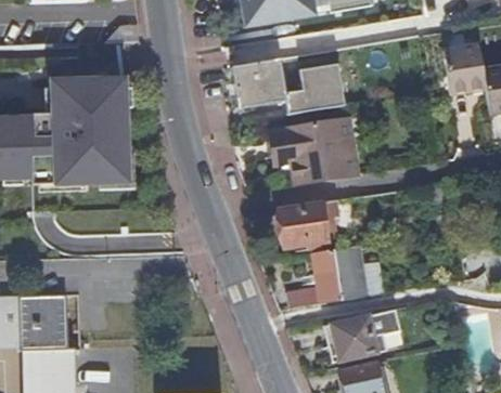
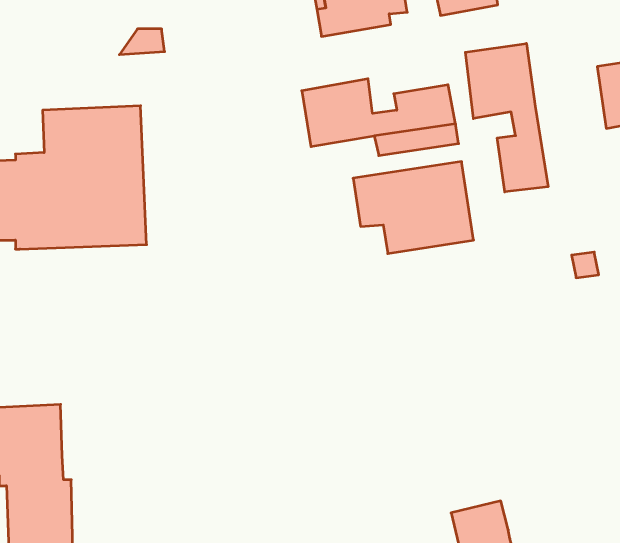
building: none -> [465,43,548,192]
building: [279,200,338,247] -> none
building: [287,245,370,307] -> none
building: [332,309,400,359] -> none

